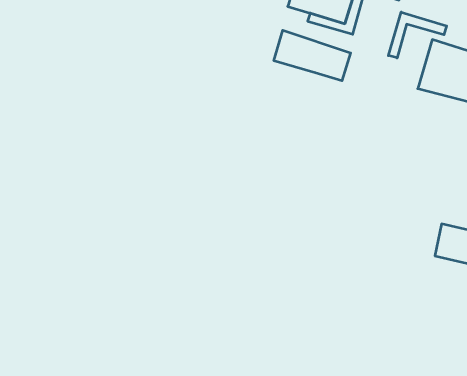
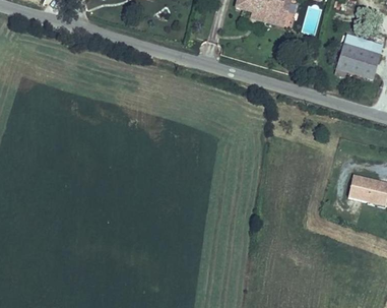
building: [388,12,447,58] -> none
building: [274,30,351,81] -> none

